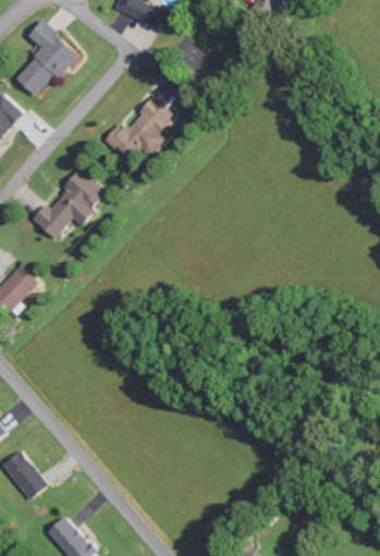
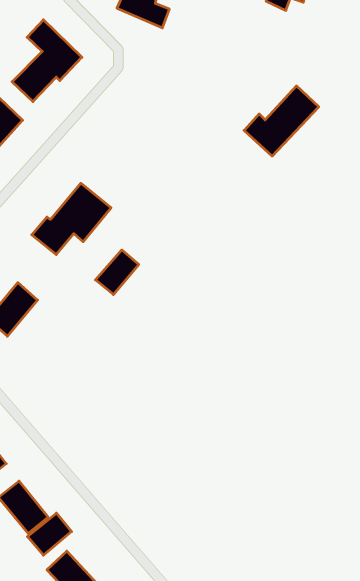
building: [105,97,174,162] -> [244,86,319,156]
building: none -> [95,250,139,295]
building: none -> [27,513,72,555]

